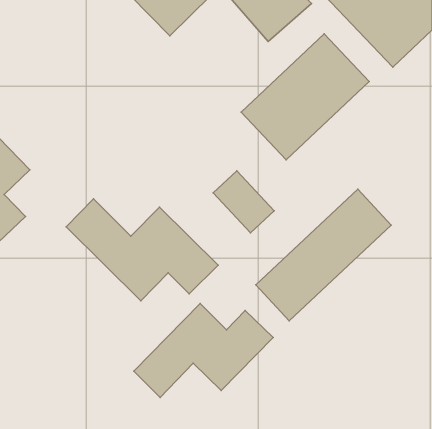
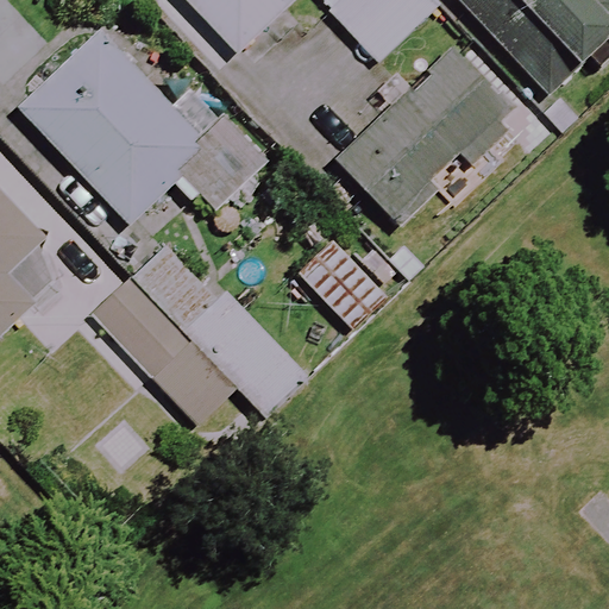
building: none -> [19,30,268,221]
building: [256,189,391,321] -> none
building: [134,304,273,397] -> none

